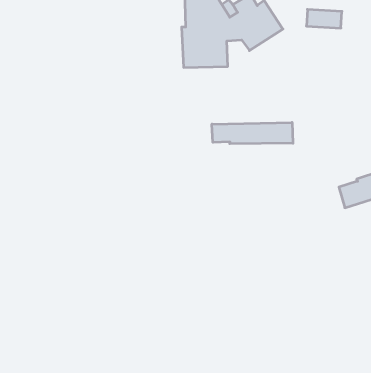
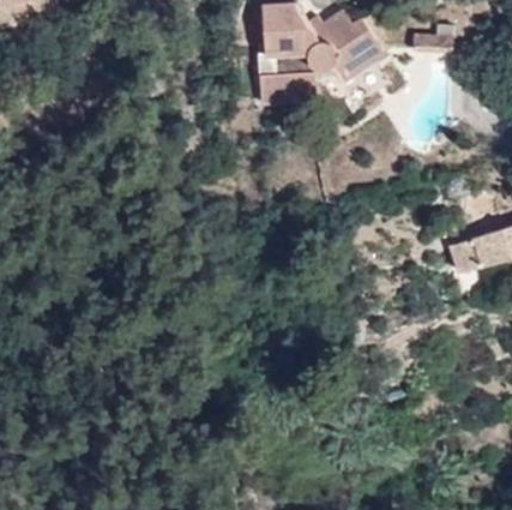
building: [212,122,293,144] -> none

